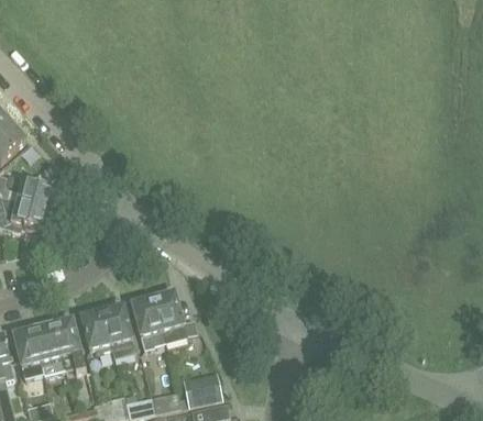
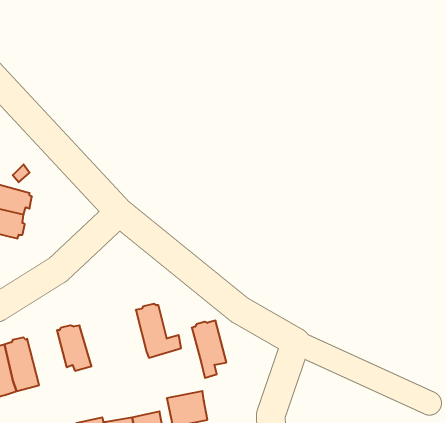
building: [131,296,163,348] -> [192,321,226,378]
building: [101,303,135,356] -> none
building: [53,317,85,372] -> none

